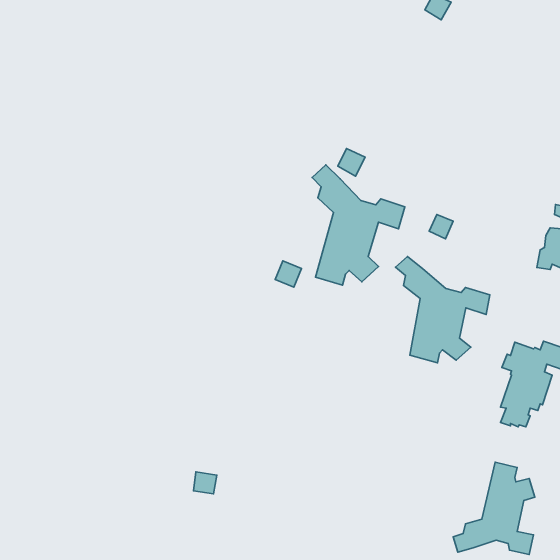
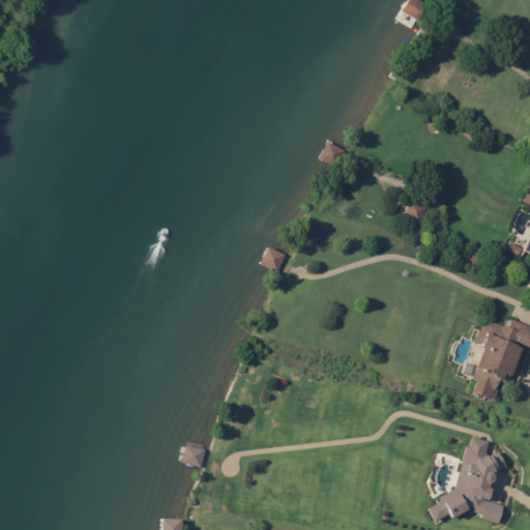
building: [312,165,405,285] -> none
building: [396,256,490,363] -> none

